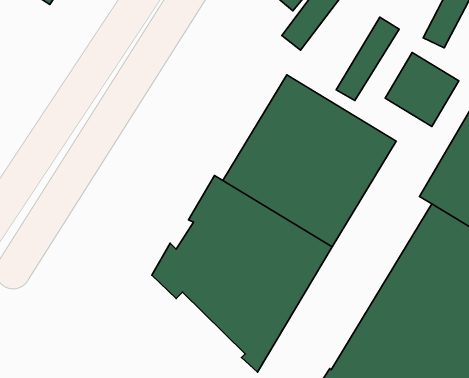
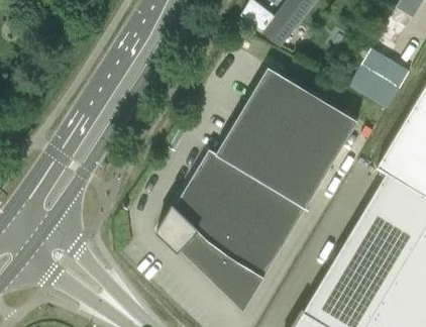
building: [336,17,399,101] -> none

